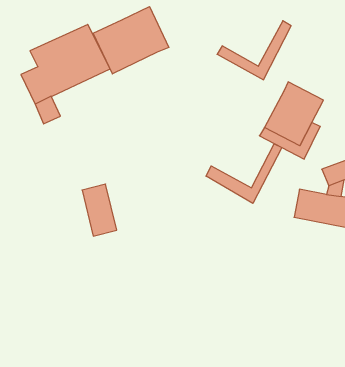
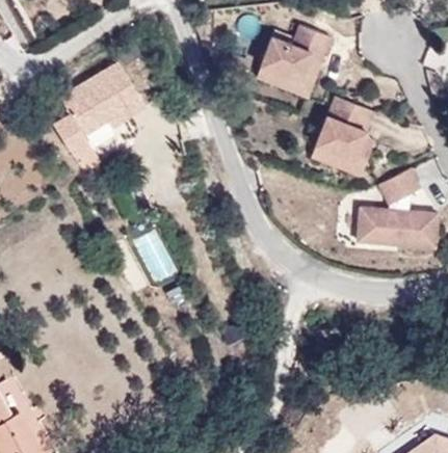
building: [93,7,169,74] -> none
building: none -> [261,24,321,84]
building: [206,144,282,203] -> none

